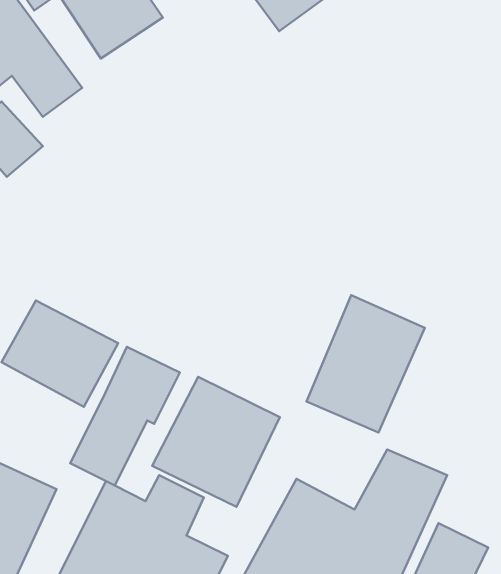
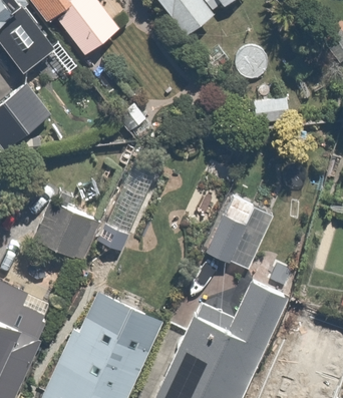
building: [152,377,280,507] -> none

